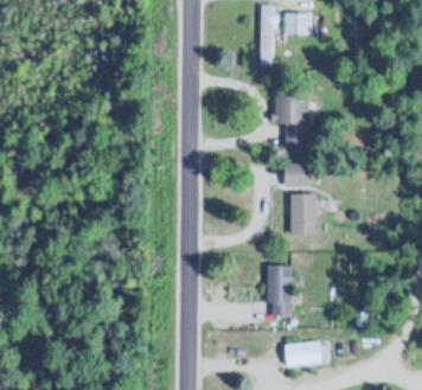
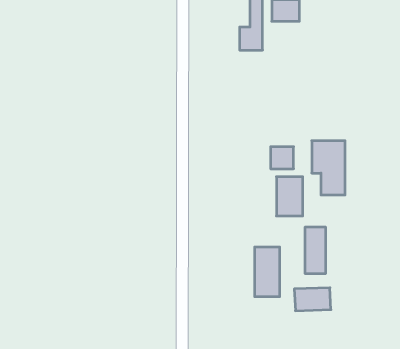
building: [276,89,311,145] -> [312,141,345,195]
building: none -> [305,227,325,274]
building: [283,343,321,366] -> [294,288,331,311]

